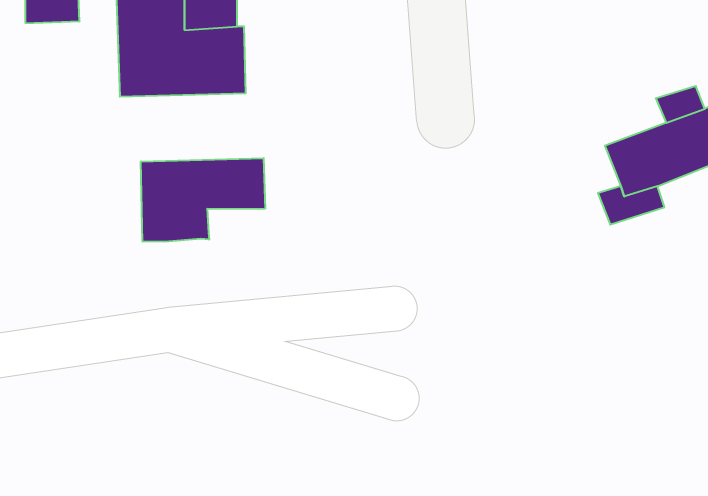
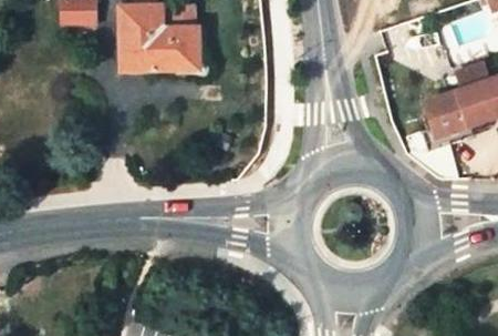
building: [141,158,265,242] -> none

